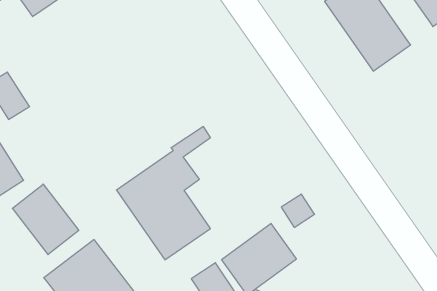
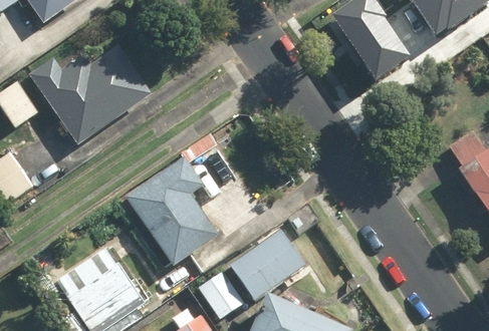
building: none -> [29,46,150,143]
building: [12,184,79,255] -> none

